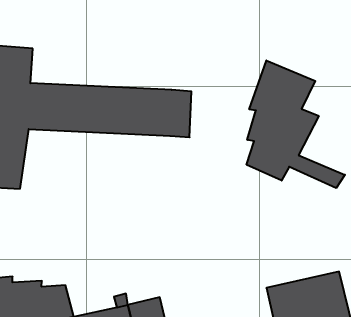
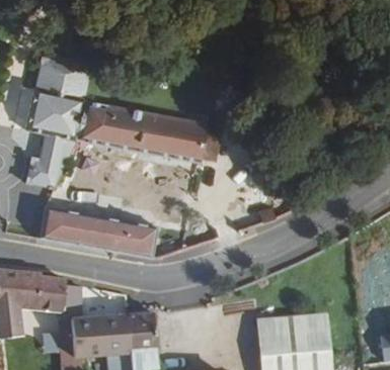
building: [247,60,345,188] -> none
building: none -> [36,205,151,253]

